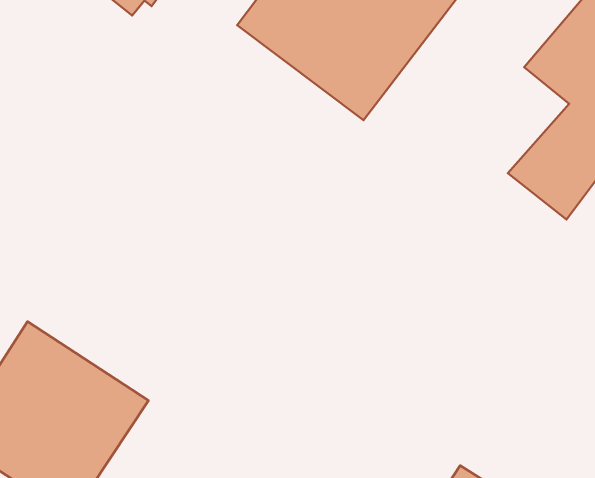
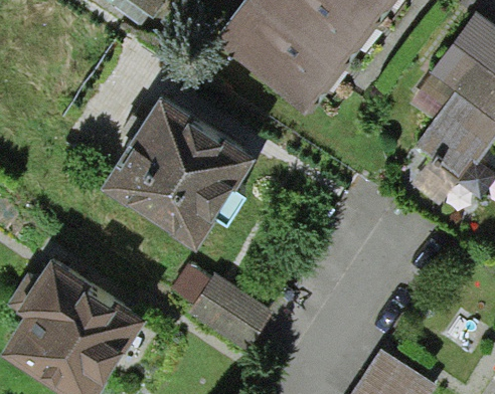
building: none -> [103,91,252,237]
building: none -> [188,286,273,359]

